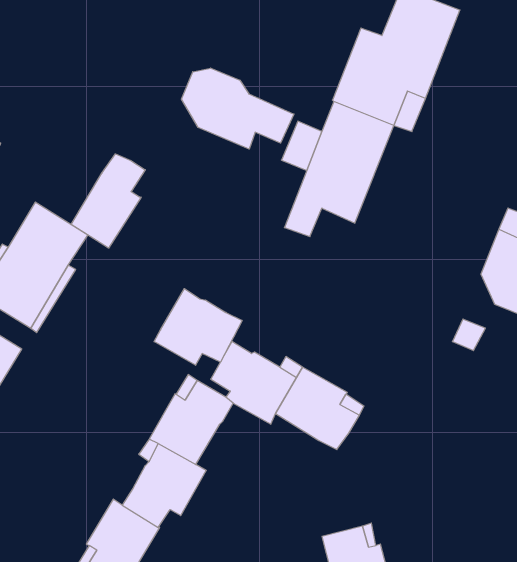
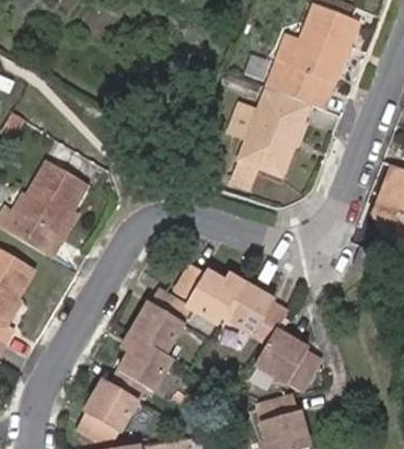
building: [182,68,294,149] -> none
building: [71,154,145,248] -> none
building: [154,289,242,365] -> none
building: none -> [256,330,319,391]

